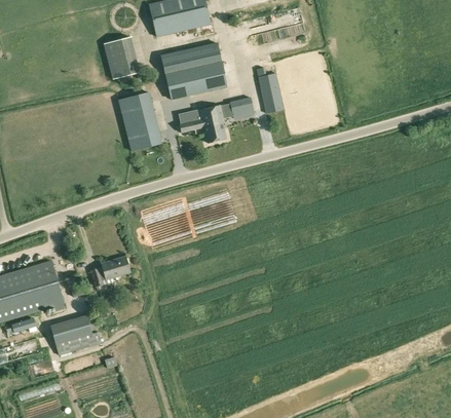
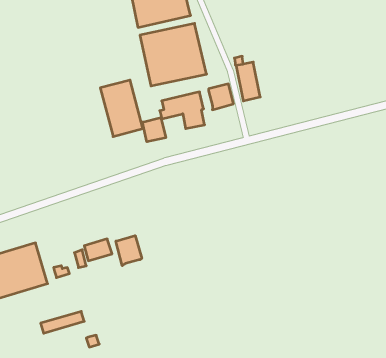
building: [103,37,134,78] -> none
building: none -> [143,117,166,142]
building: none -> [116,236,142,266]
building: [49,312,98,343] -> none

